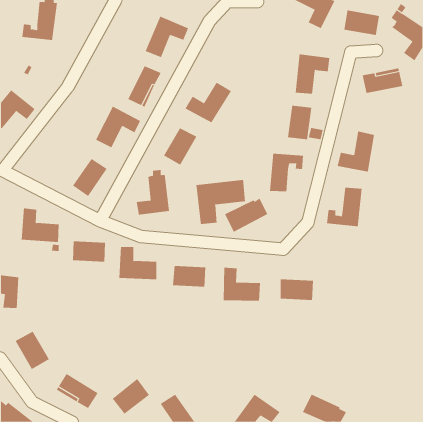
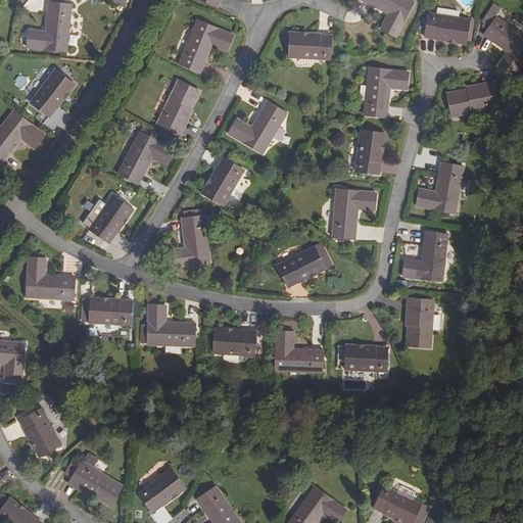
building: none -> [288,32,330,58]
building: none -> [31,69,75,115]
building: [196,179,246,225] -> none
building: none -> [407,298,434,346]

